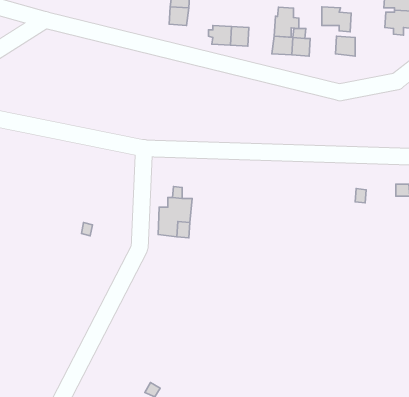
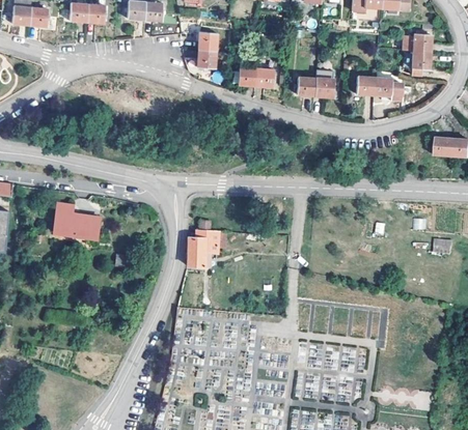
building: [322,7,351,32] -> [375,79,403,103]
building: [274,7,299,37] -> none
building: none -> [54,204,100,238]

